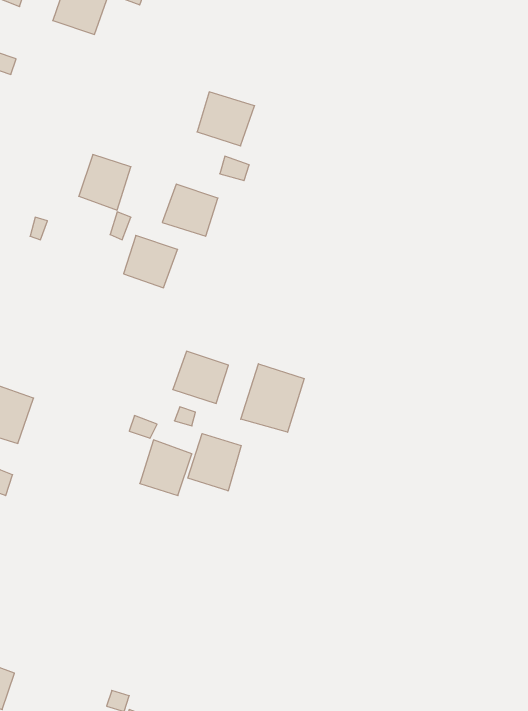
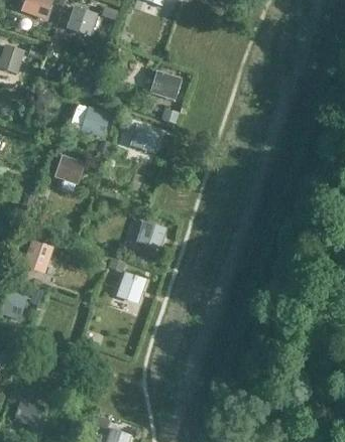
building: [124,235,178,288] -> [53,154,85,184]
building: [241,364,304,432] -> none
building: [188,434,241,491] -> none

